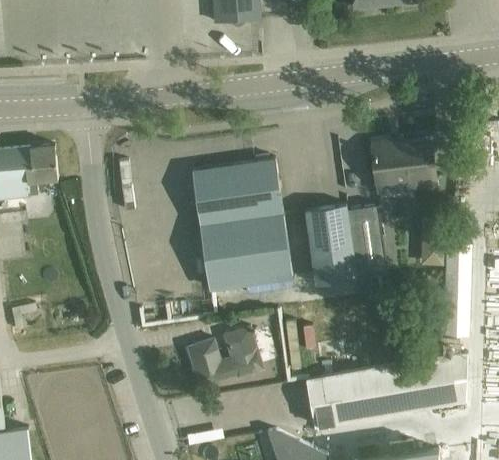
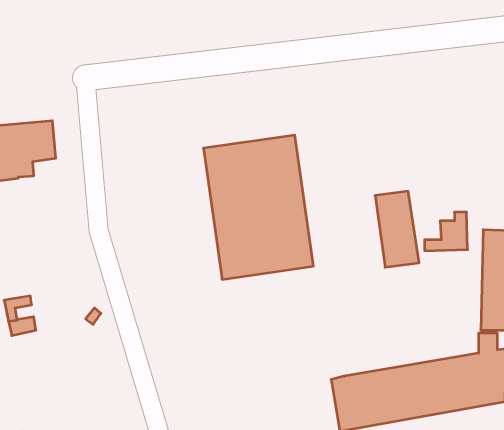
building: [371,142,435,193] -> none
building: [305,204,356,284] -> none
building: [187,325,262,386] -> none

